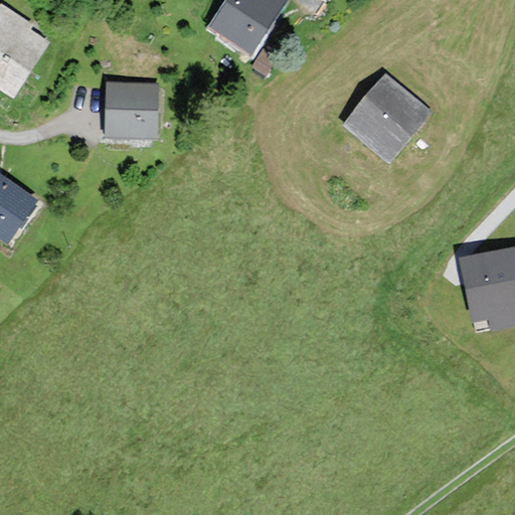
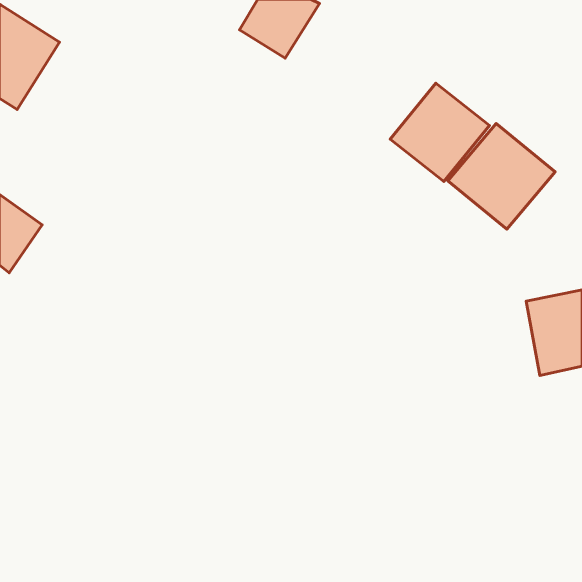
building: [105,81,158,138] -> none
building: none -> [448,124,555,229]

